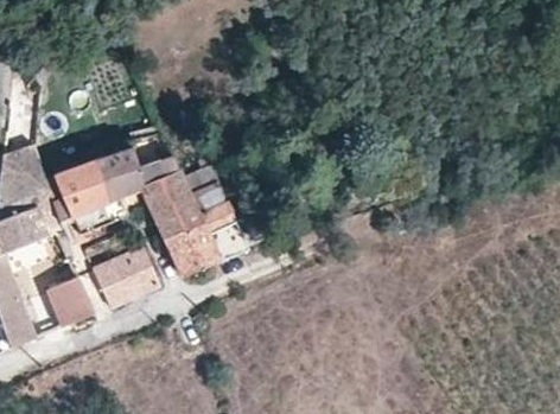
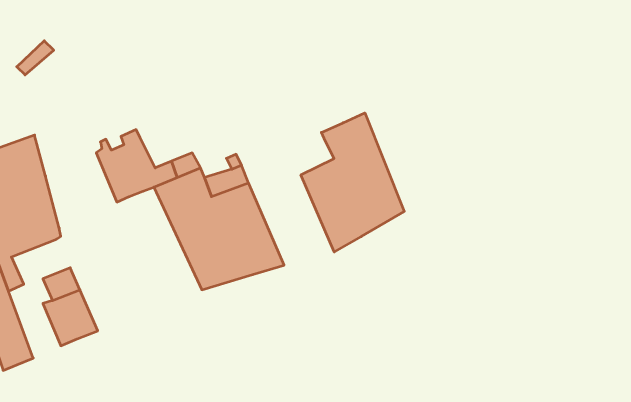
building: none -> [301,113,404,252]
building: [46,159,127,224] -> none
building: [91,249,159,305] -> none

